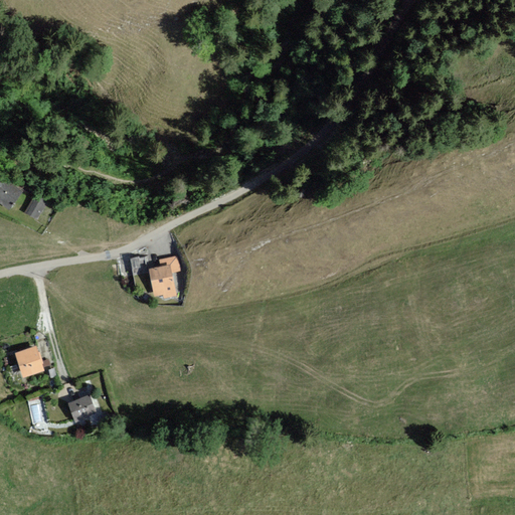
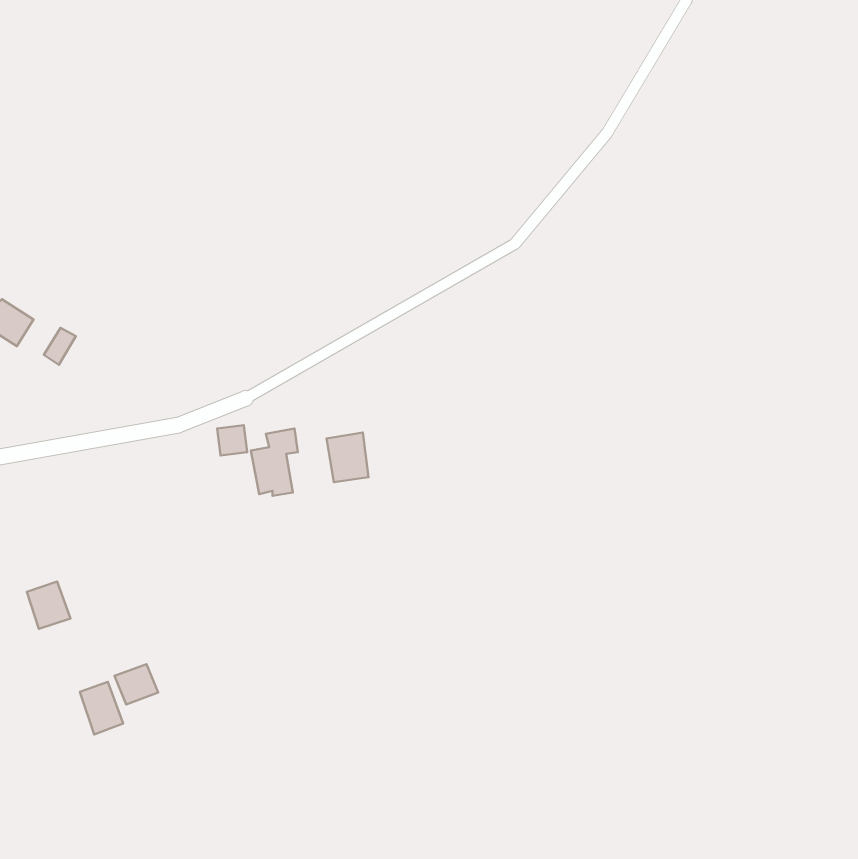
building: none -> [326,432,368,482]
building: none -> [80,682,123,734]

